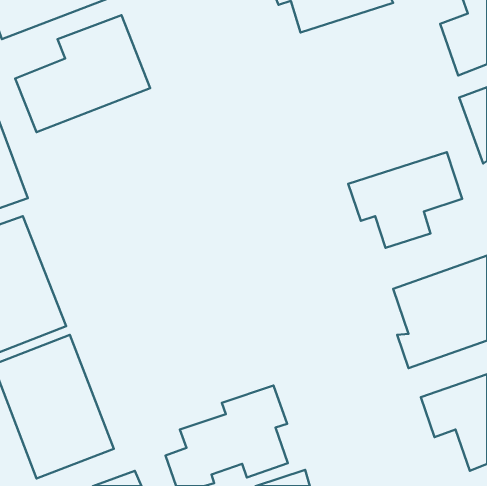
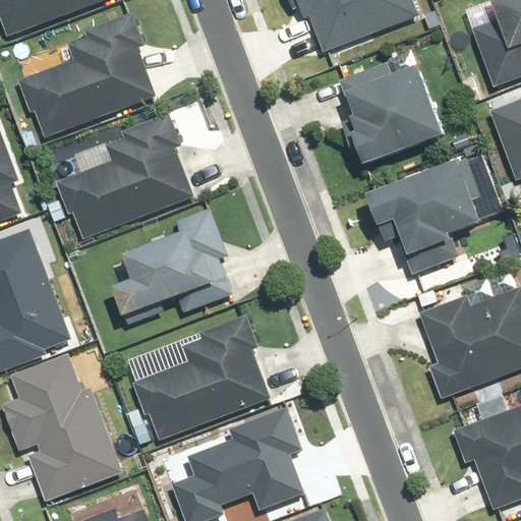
building: none -> [328,55,448,160]
building: none -> [59,120,199,241]
building: none -> [123,210,235,322]
building: none -> [132,314,272,438]

